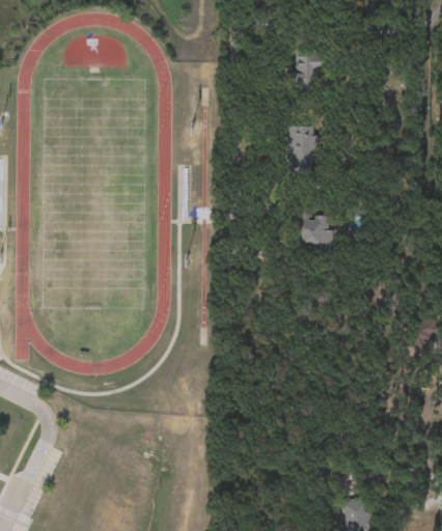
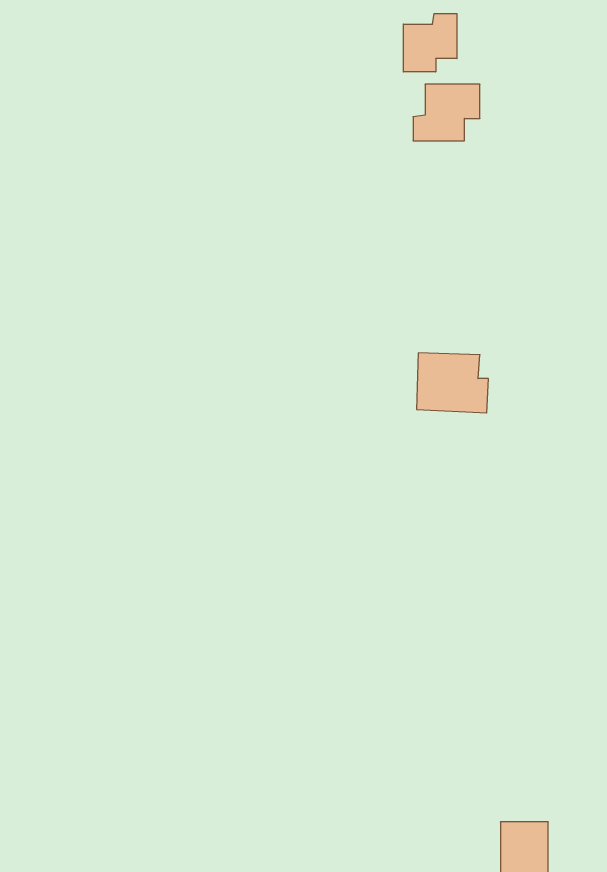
building: none -> [403,14,457,72]
building: [287,127,317,168] -> none

